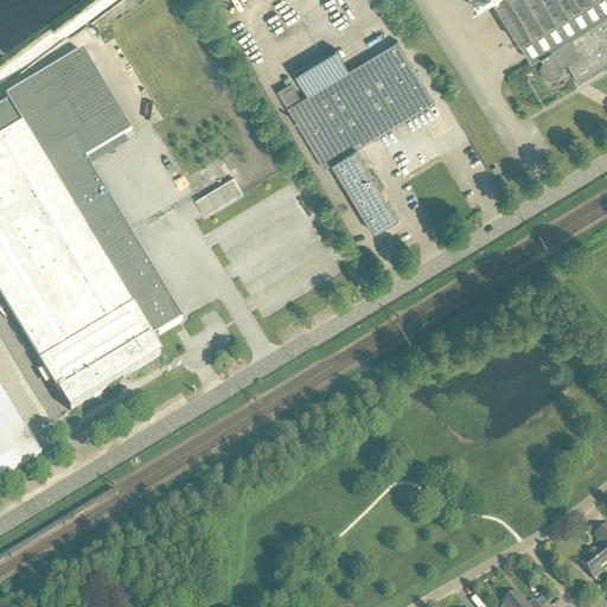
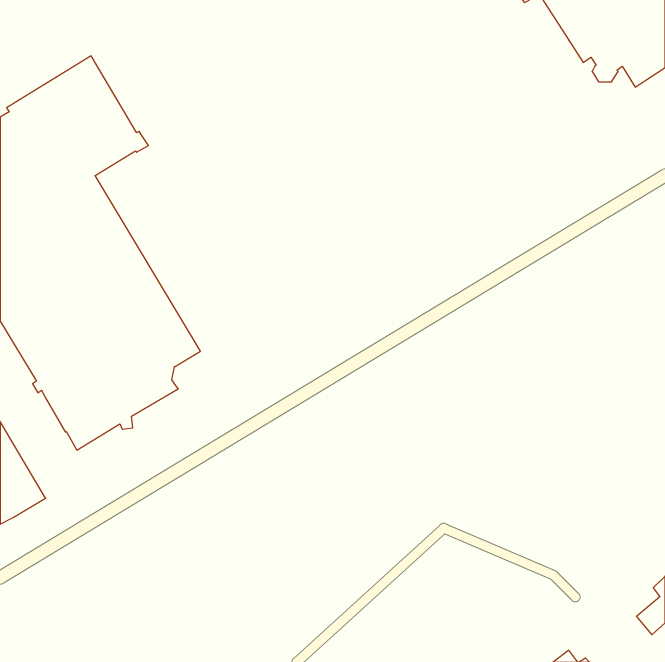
building: [287,38,434,229] -> none
building: [196,174,242,212] -> none

